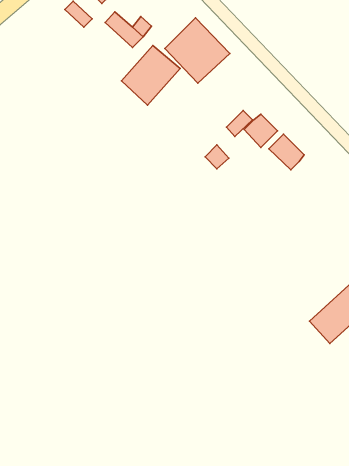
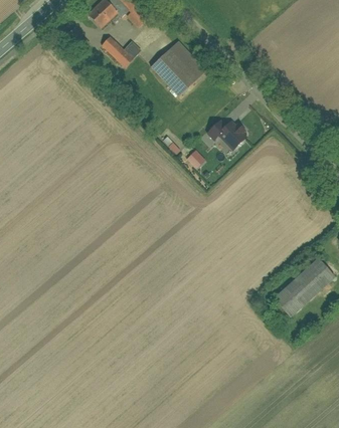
building: [121,46,180,105] -> none
building: [269,134,304,170] -> none

